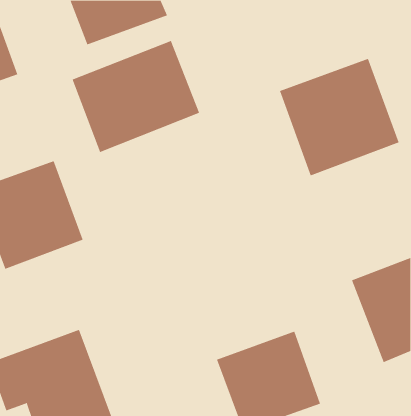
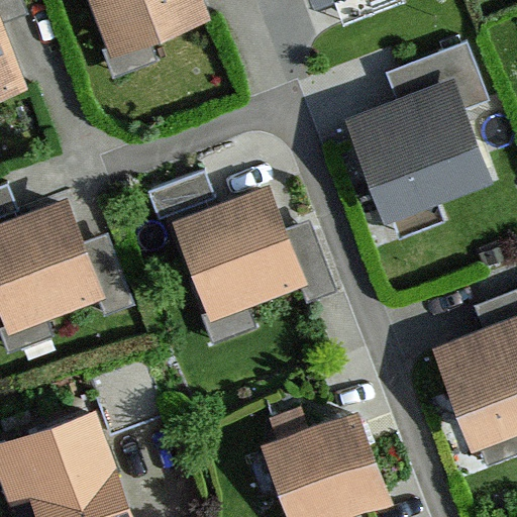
building: [72,40,200,153] -> none
building: none -> [170,186,304,320]

